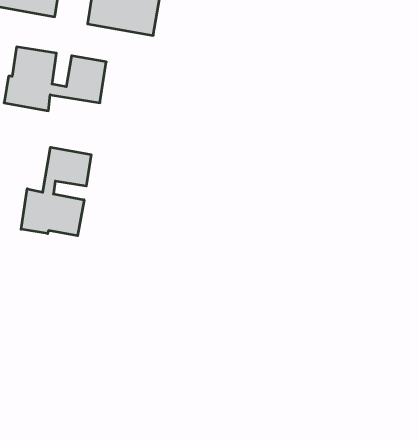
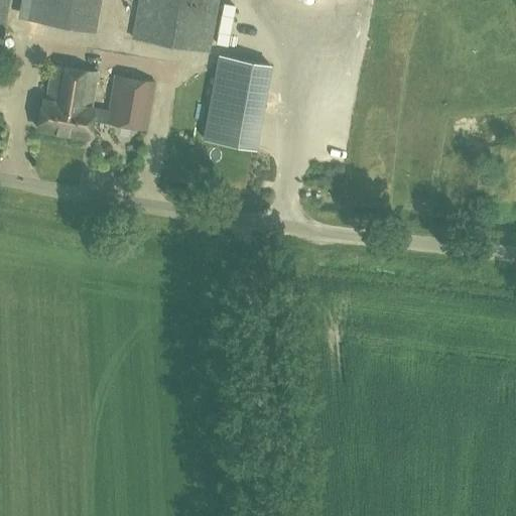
building: none -> [202,55,269,152]
building: [21,147,91,236] -> none

